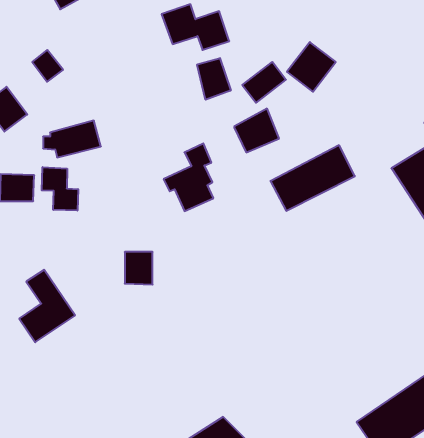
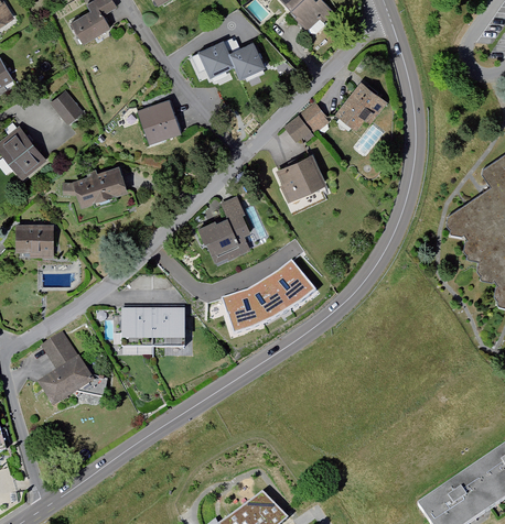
building: [197,58,231,100] -> none
building: none -> [137,100,181,145]
building: [270,145,355,211] -> [222,260,315,332]
building: [42,167,78,211] -> none
building: none -> [120,312,153,347]

